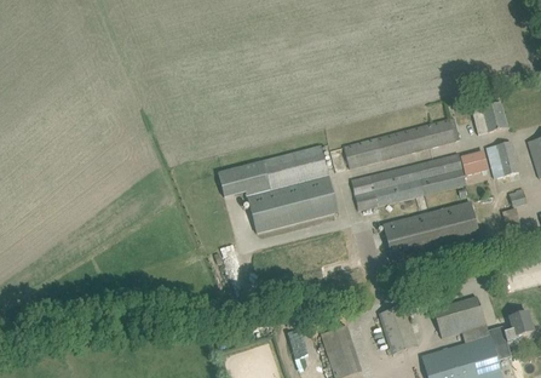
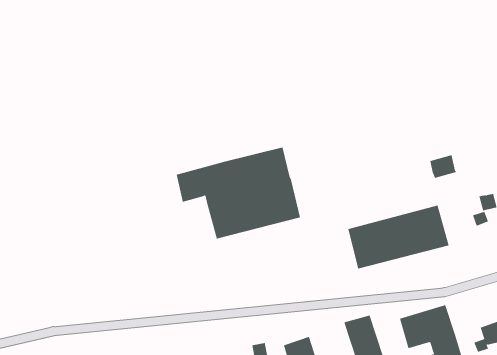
building: [471,102,507,134] -> none
building: [344,119,455,168] -> none
building: [487,141,518,178] -> none
building: [351,154,465,210] -> none

